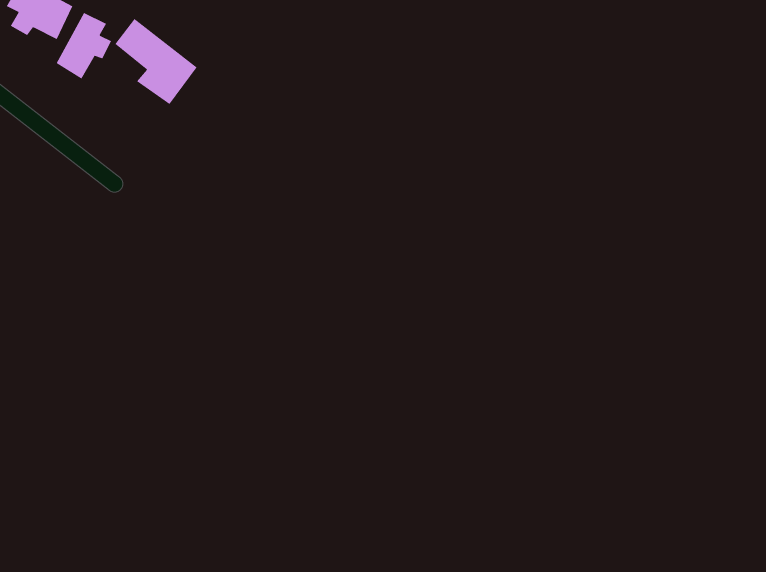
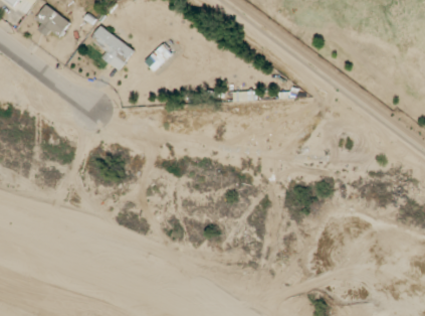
building: [56,12,112,80] -> none

